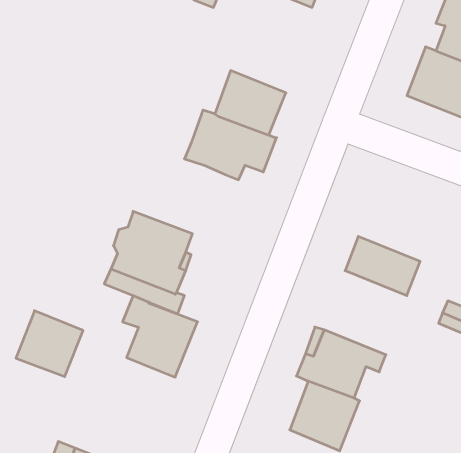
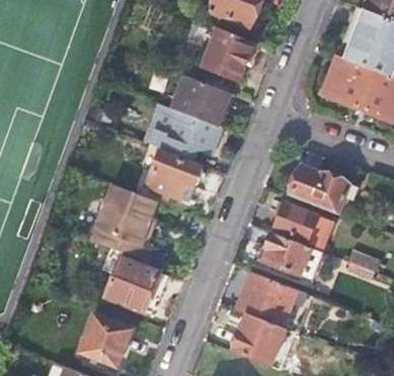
building: none -> [205,28,255,81]
building: none -> [142,144,201,202]
building: none -> [289,166,357,214]
building: none -> [263,232,311,275]
building: [16,311,83,377] -> [80,314,132,365]

